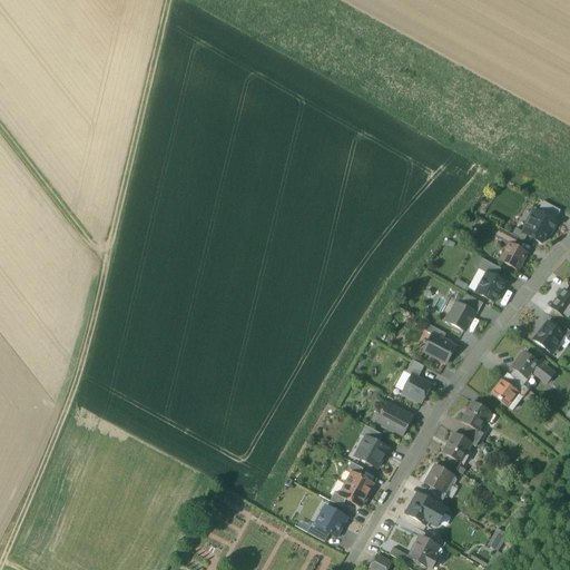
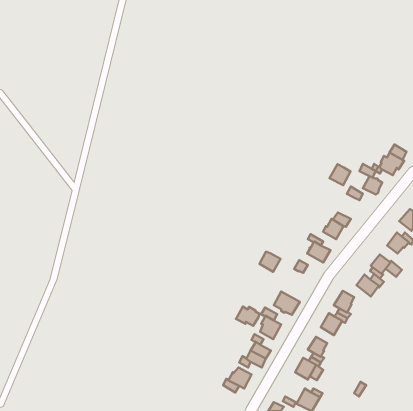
building: [475,272,504,301] -> [329,164,350,185]
building: [402,374,431,402] -> [259,252,280,272]
building: none -> [236,306,260,326]

